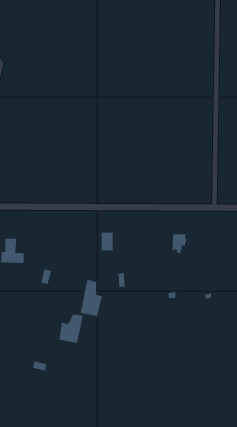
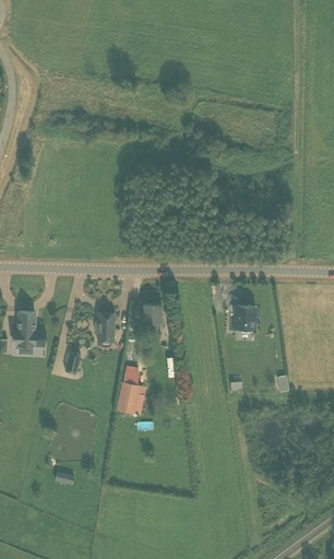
building: none -> [95,312,115,341]
building: [59,314,84,344] -> none

